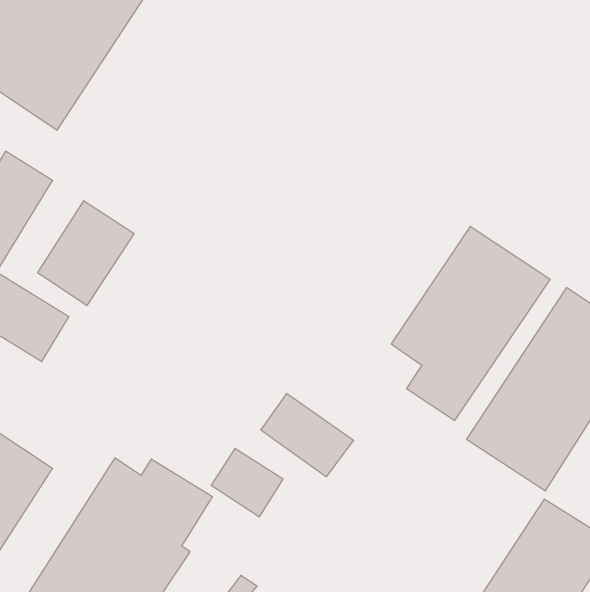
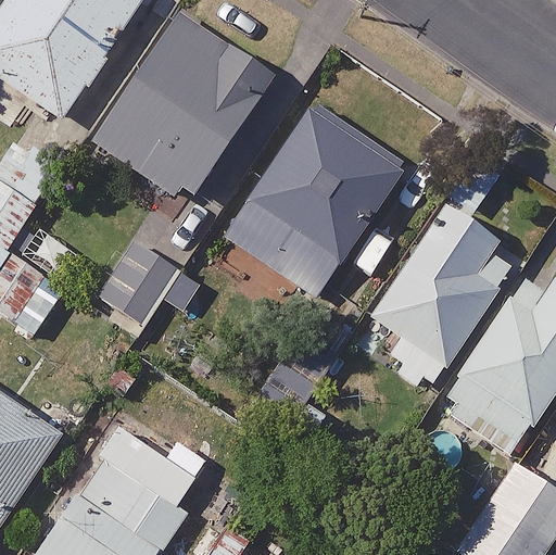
building: none -> [91,15,271,206]
building: none -> [223,104,404,298]
building: [38,201,134,305] -> [92,240,181,337]

